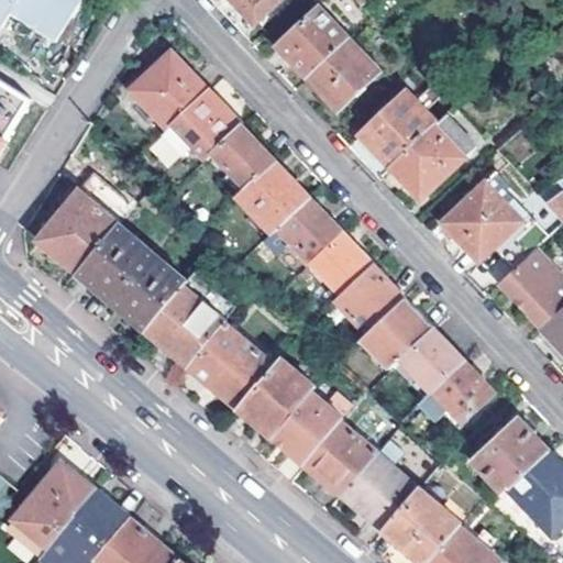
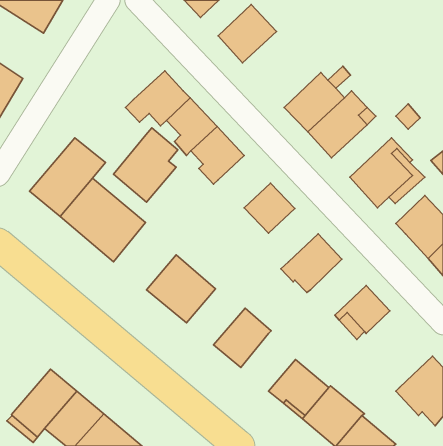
building: [306,40,378,110] -> none
building: [130,51,208,125] -> none
building: [275,196,341,262] -> none
building: [333,263,401,330] -> none
building: [143,272,224,365] -> [113,128,178,202]
building: [391,327,462,397] -> none
building: [235,356,312,434] -> none
building: [468,415,545,488] -> none
building: [303,420,375,493] -> none

